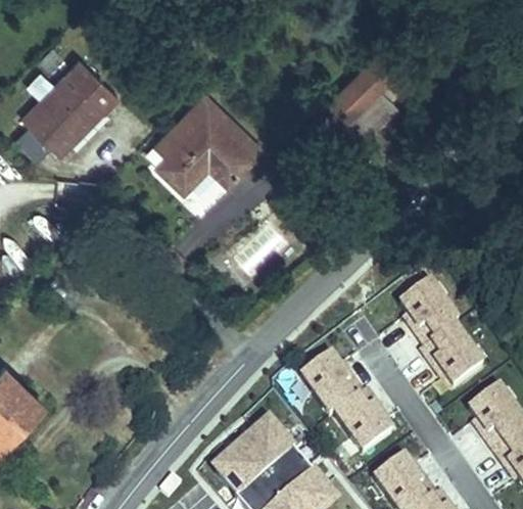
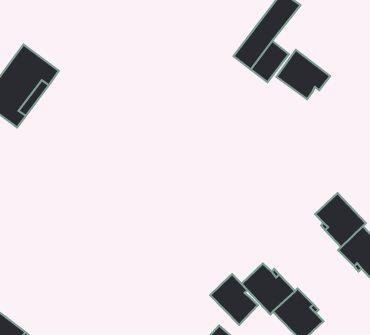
building: [157,92,264,188] -> none
building: none -> [276,50,330,99]
building: none -> [210,274,258,325]

